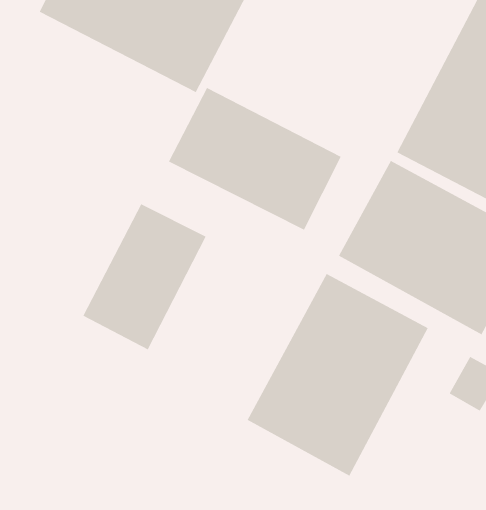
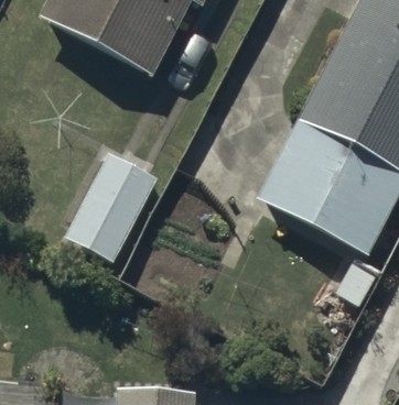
building: [168,87,342,230] -> none
building: [247,273,428,476] -> none

